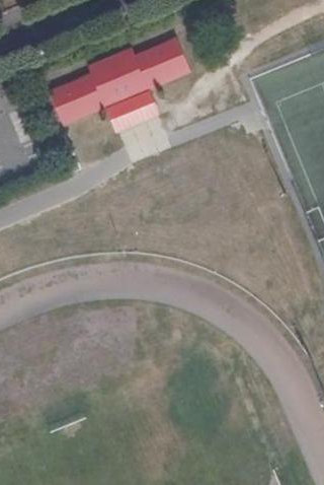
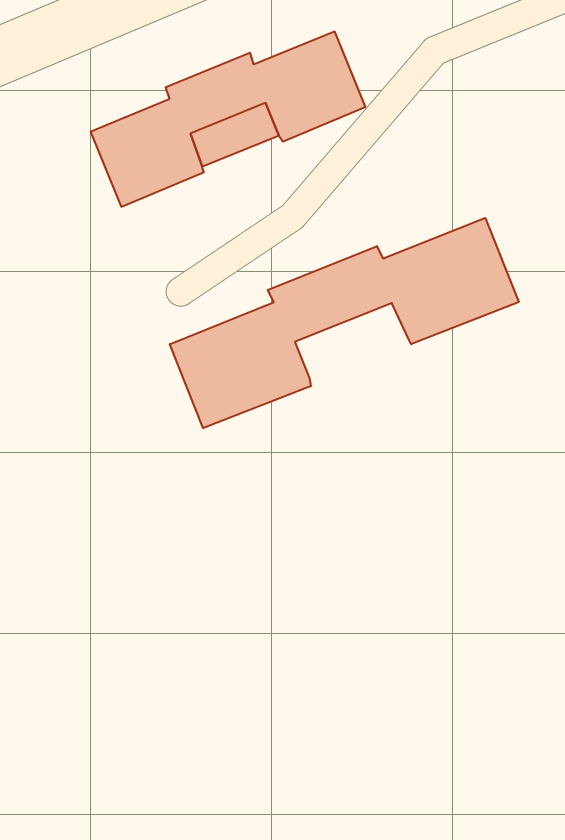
building: none -> [170,218,519,428]

